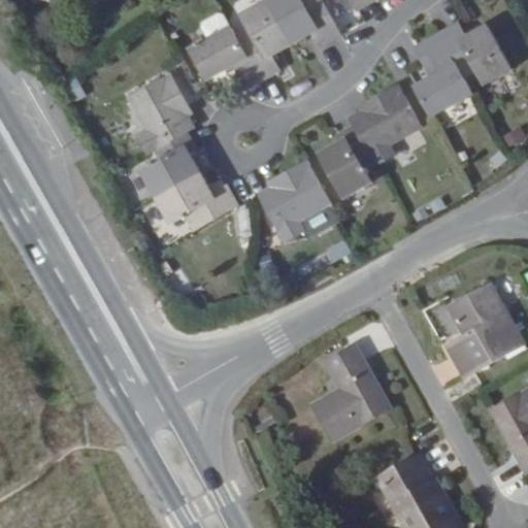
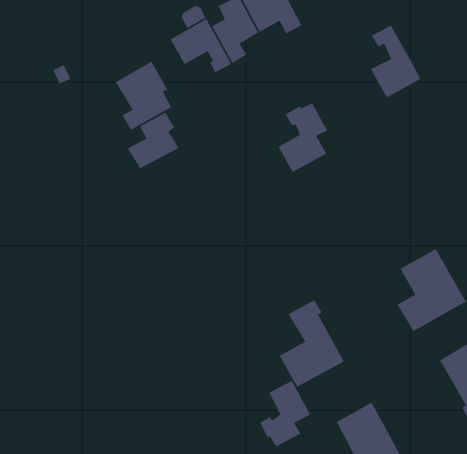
building: [437,22,512,86] -> none
building: [350,84,432,172] -> none
building: [258,160,328,238] -> none
building: [157,172,238,230] -> none
building: none -> [259,380,311,448]

